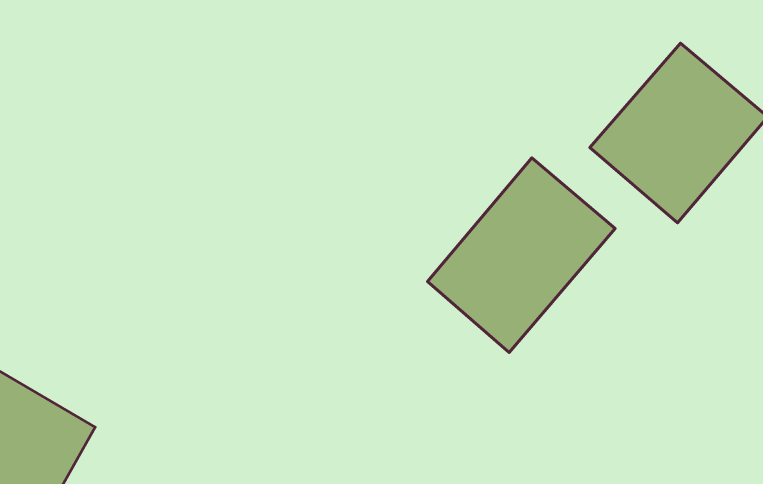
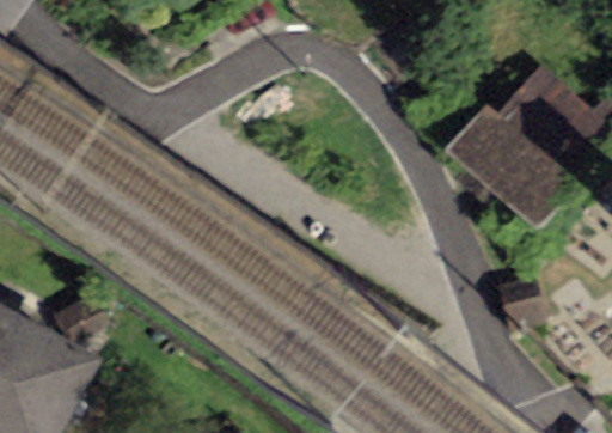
building: [428,158,615,353] -> none

